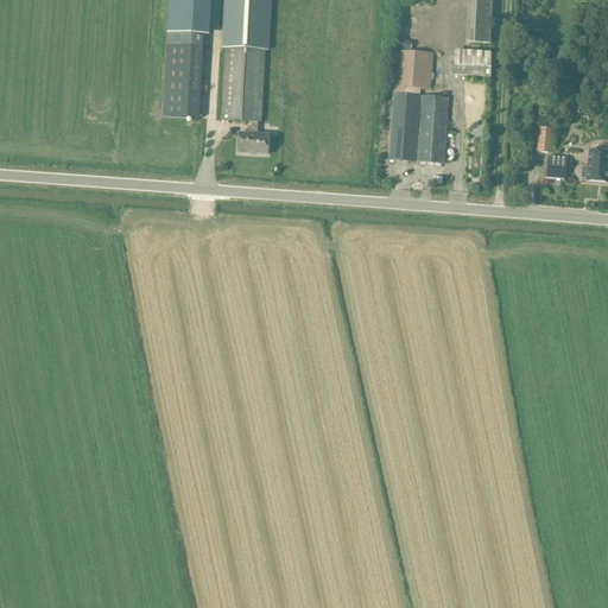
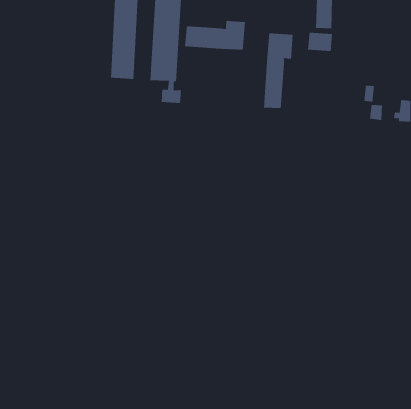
building: none -> [185,20,245,50]
building: [418,95,448,163] -> none

